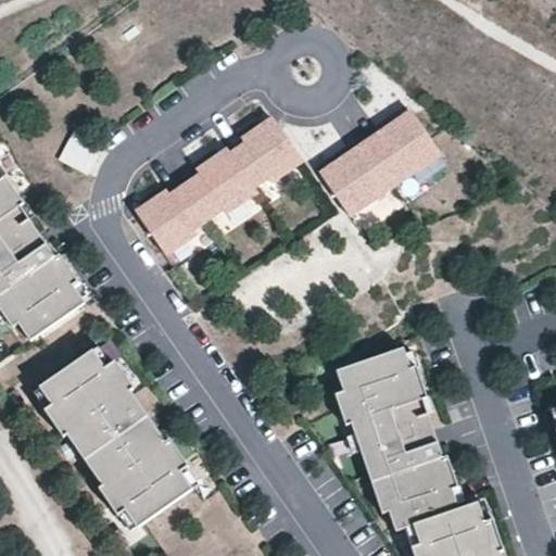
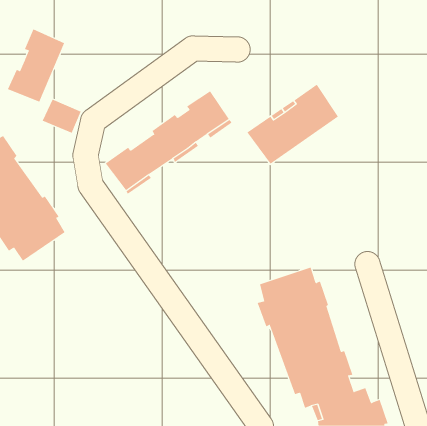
building: none -> [7,28,65,103]
building: [38,344,190,527] -> none

